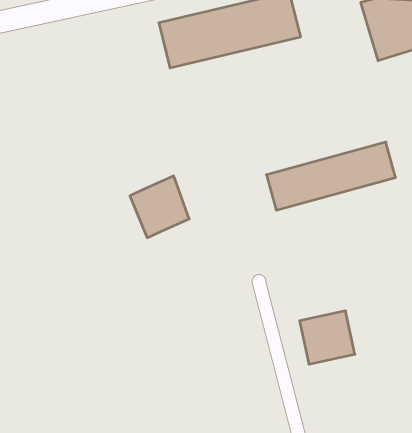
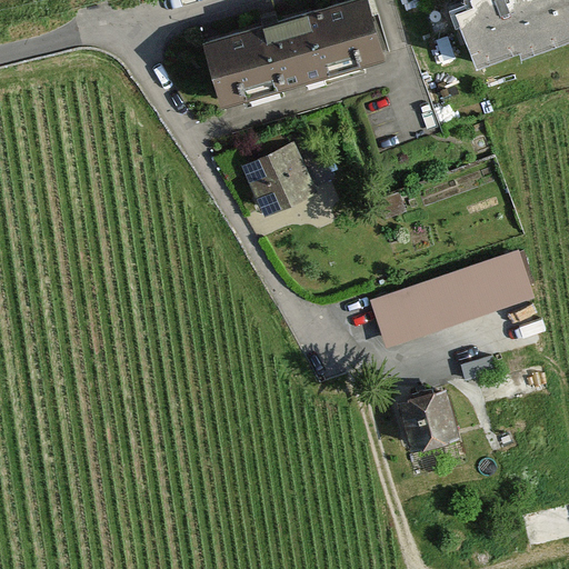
building: [266,142,396,210] -> [369,250,530,342]
building: [130,176,189,238] -> [240,136,316,214]

